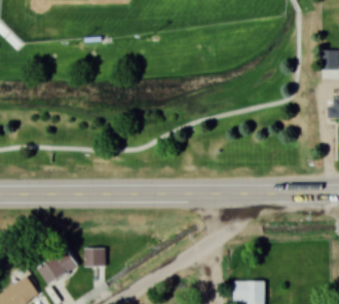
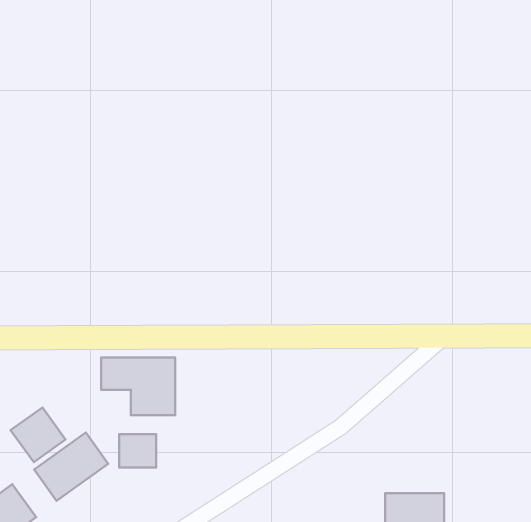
building: none -> [101,357,175,415]
building: none -> [11,407,66,462]

